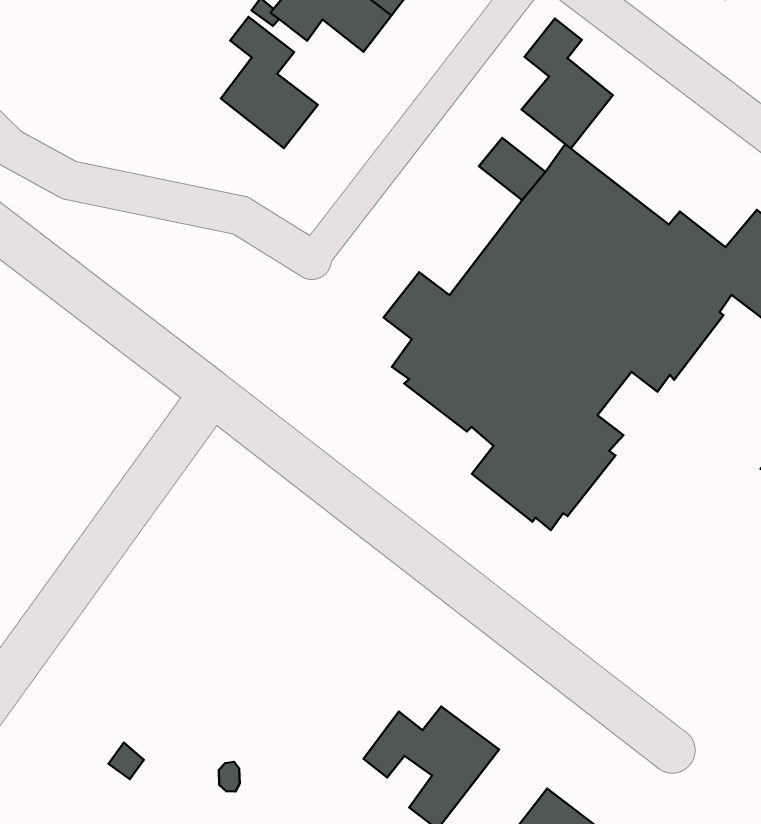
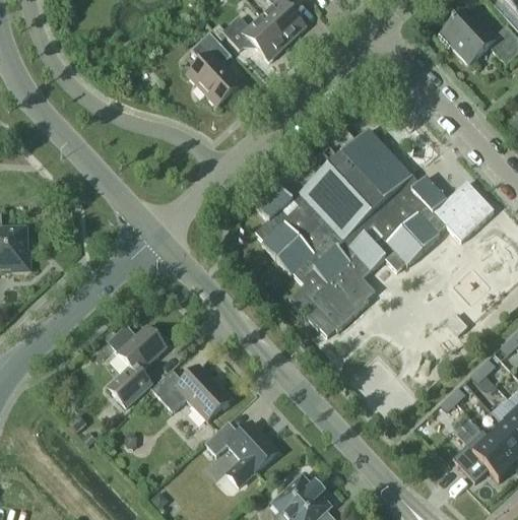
building: [521,19,613,149] -> none
building: none -> [108,324,170,406]
building: none -> [152,365,231,420]

